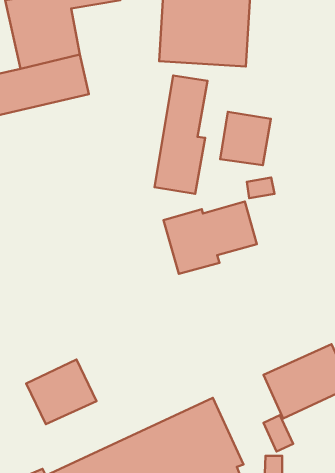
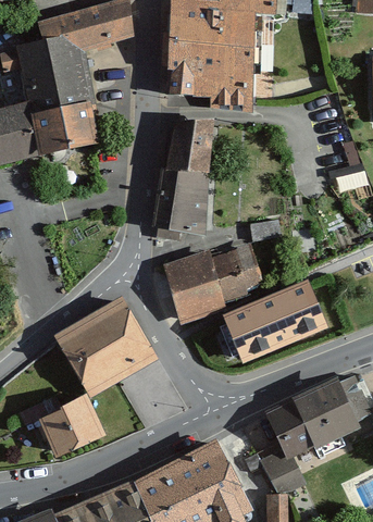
building: [220,112,271,165] -> none
building: none -> [220,284,325,368]
building: none -> [61,295,153,385]

